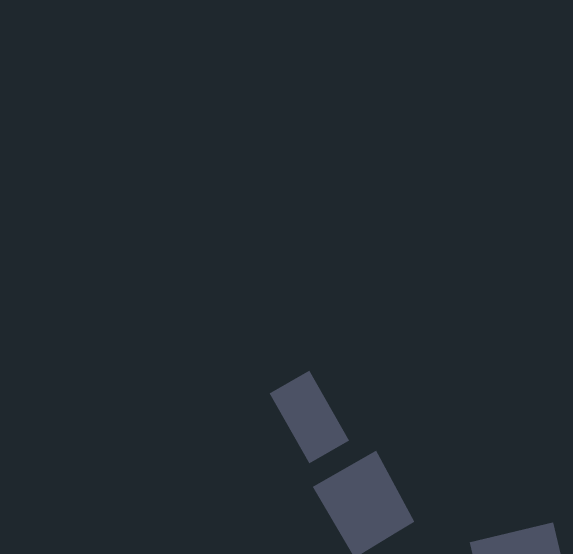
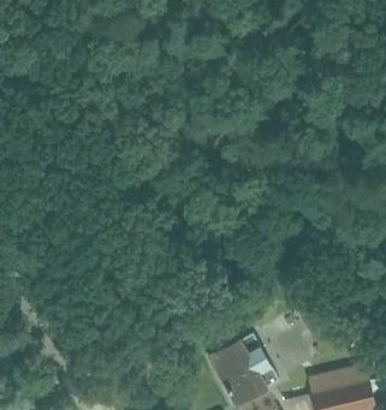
building: [269,370,350,464] -> none

